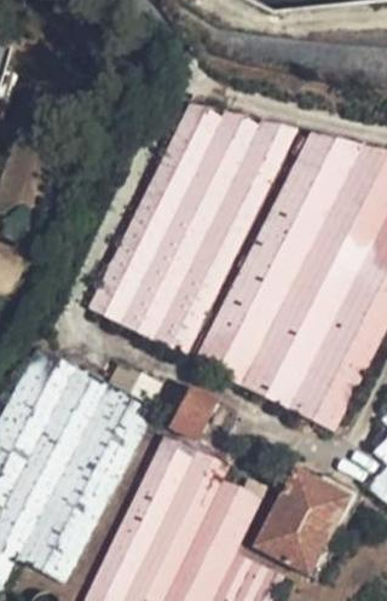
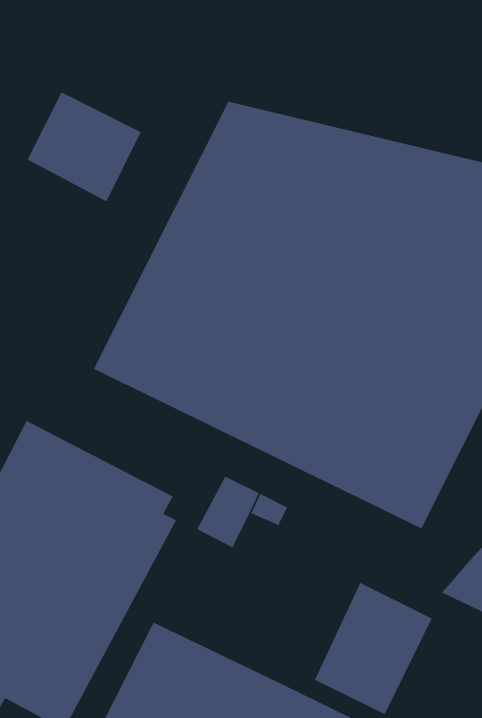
building: none -> [27,91,142,202]
building: [133,443,259,549] -> none

